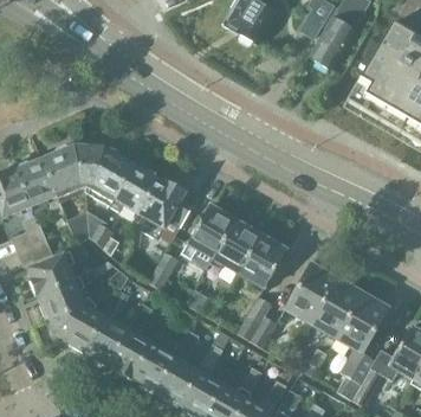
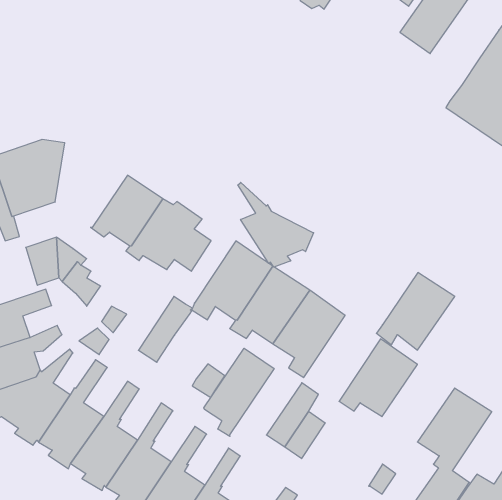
building: [85,146,132,201] -> none
building: none -> [238,182,314,267]
building: none -> [204,348,274,436]
building: [311,278,362,331] -> [376,273,455,350]

